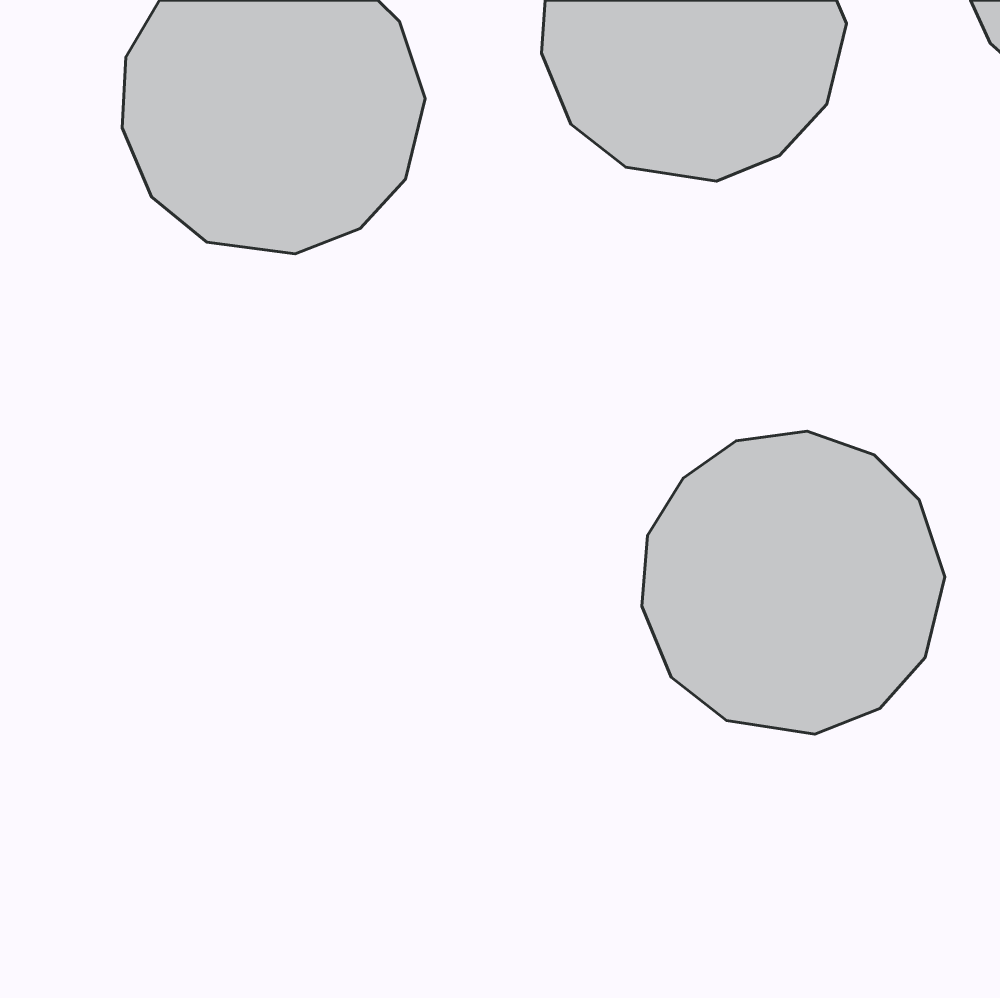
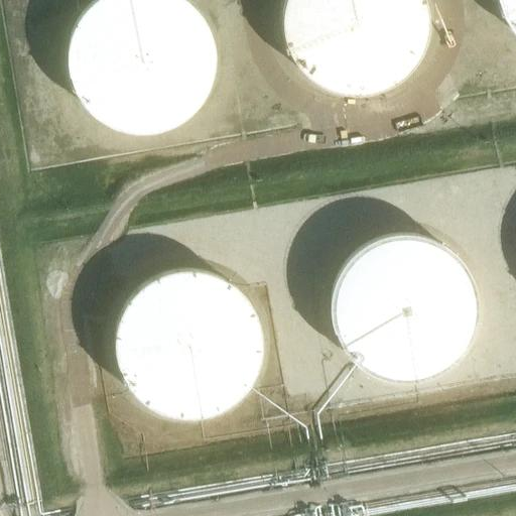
building: none -> [112,260,268,415]

